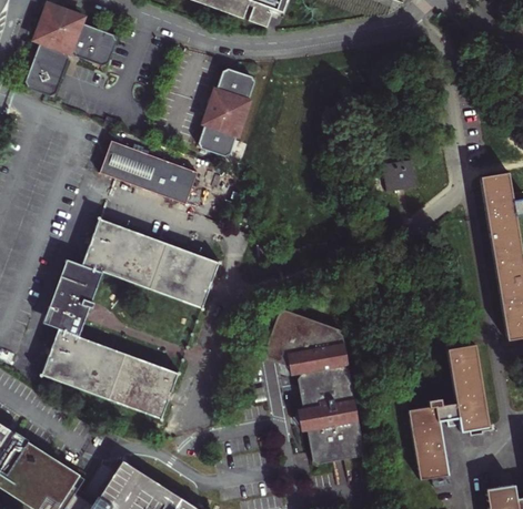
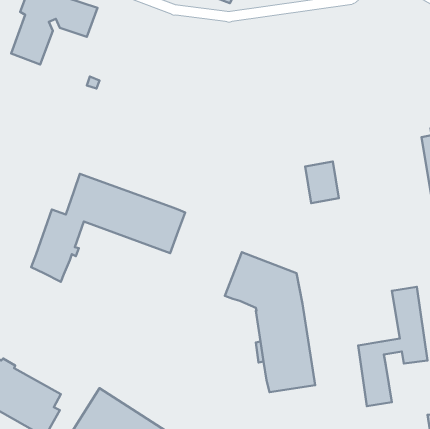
building: [194,71,251,151] -> none
building: [101,141,197,203] -> none
building: [380,147,418,194] -> [305,161,339,203]
building: [41,329,177,423] -> none

